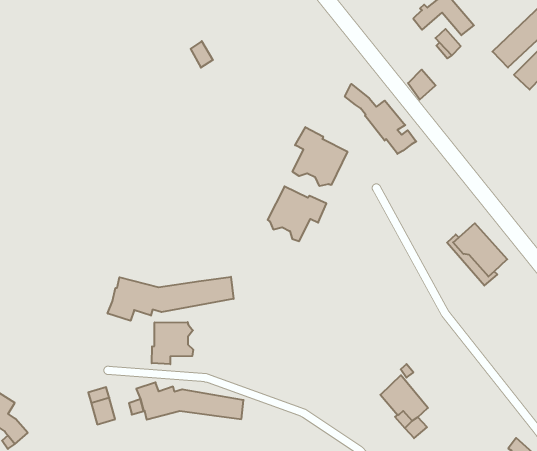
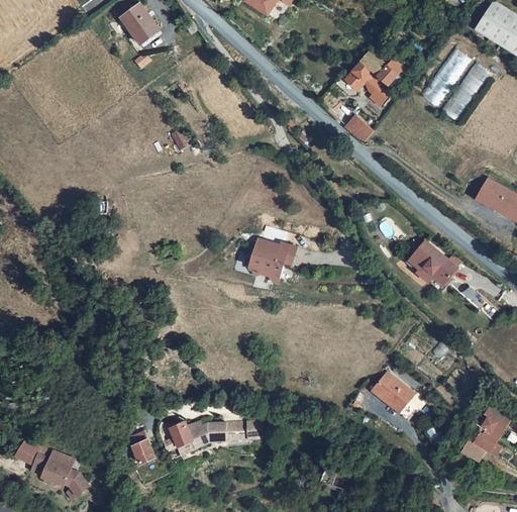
building: [345,84,416,154] -> none
building: [293,127,347,186] -> none
building: [108,277,234,321] -> none
building: [152,322,193,364] -> none

